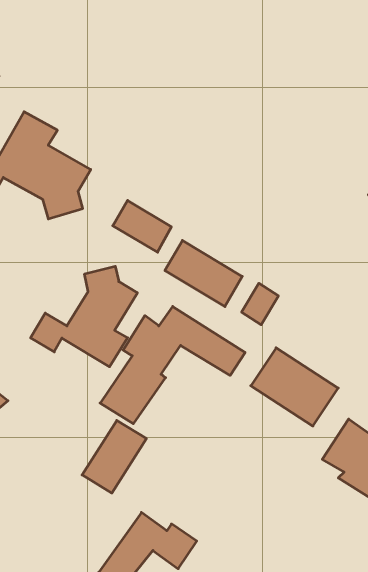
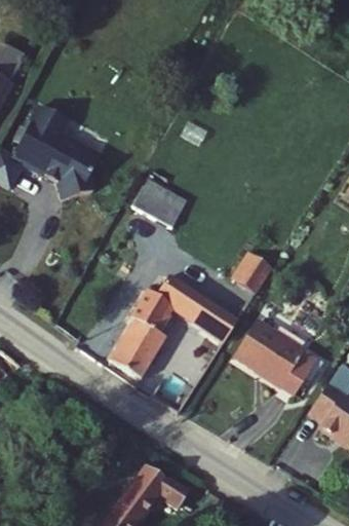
building: [165,240,242,307] -> none
building: [31,266,137,367] -> none
building: [82,420,146,493] -> none

